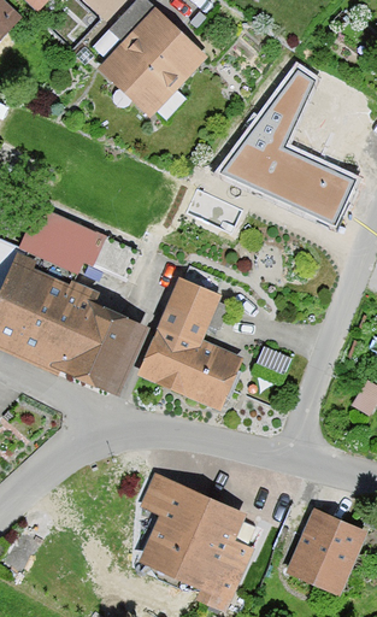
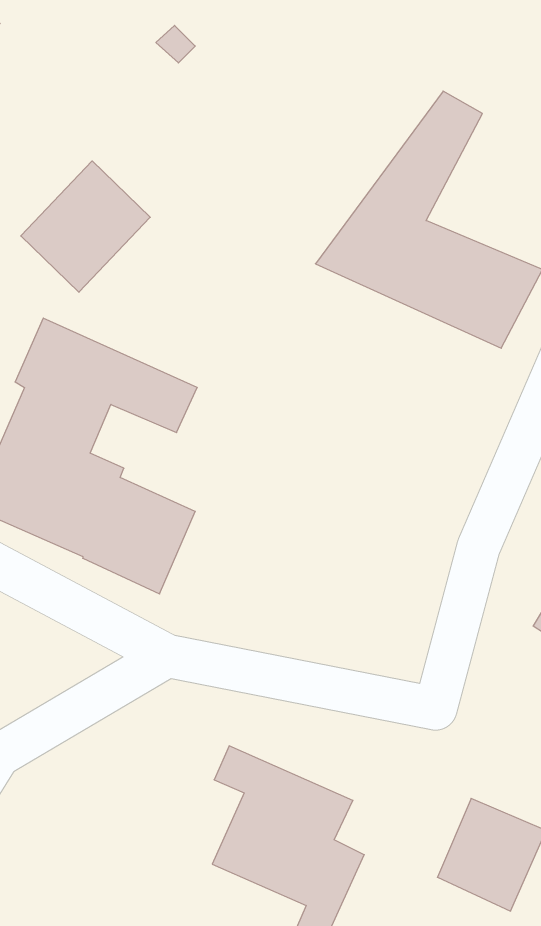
building: [111,19,194,104] -> [21,161,150,292]
building: [143,265,237,401] -> none

